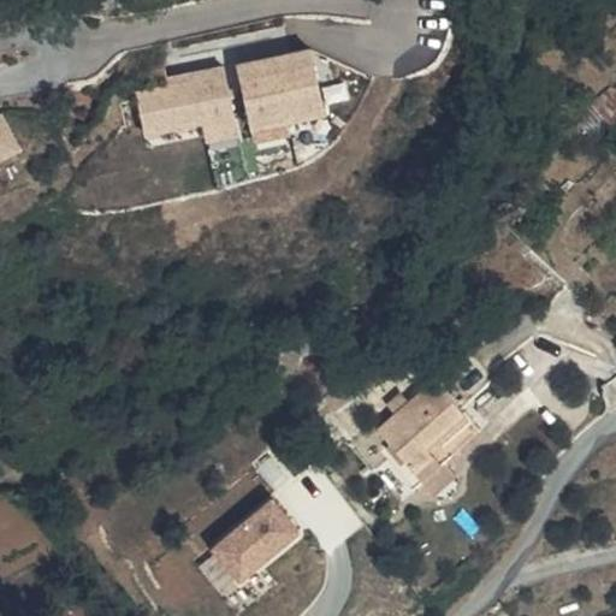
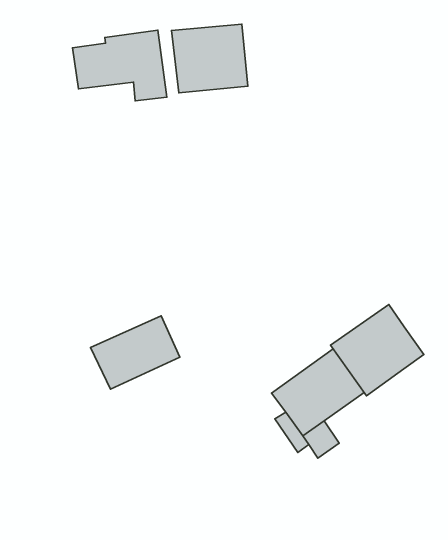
building: none -> [331,304,424,396]
building: [208,499,302,581] -> [91,316,180,389]

